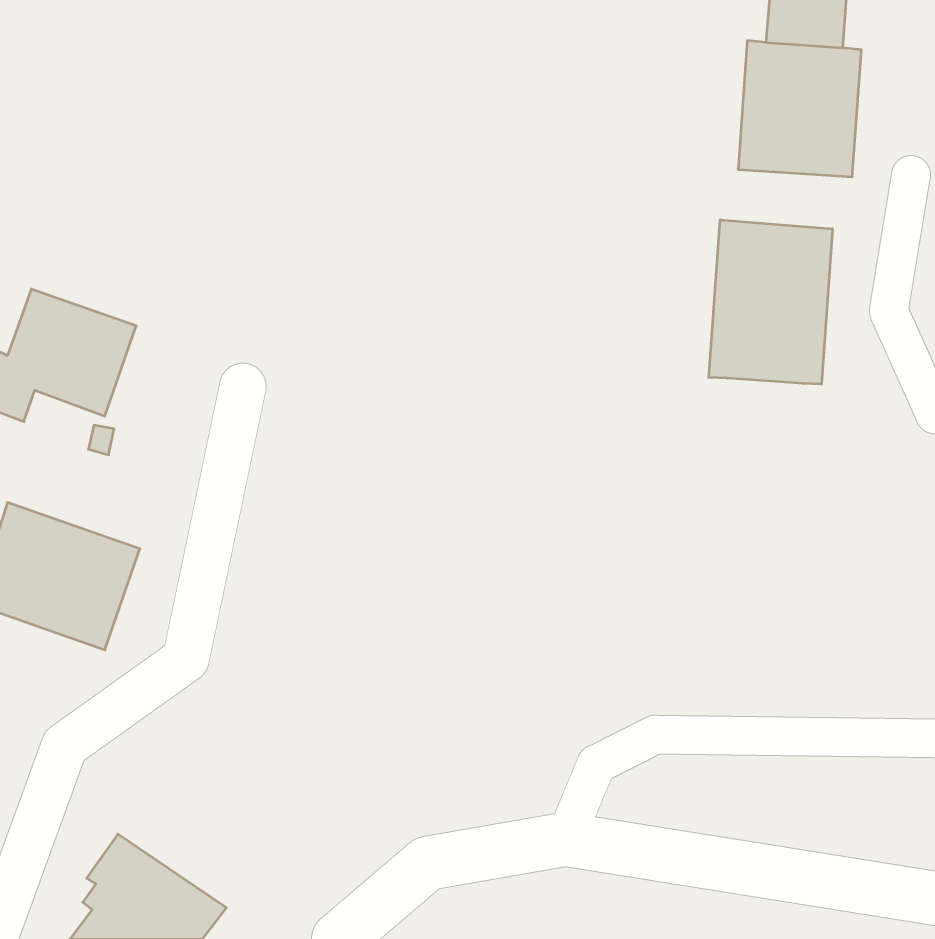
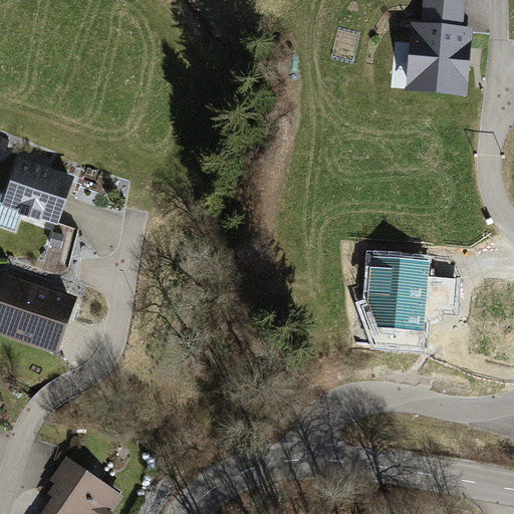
building: [709,220,832,384] -> none
building: none -> [358,253,453,347]

